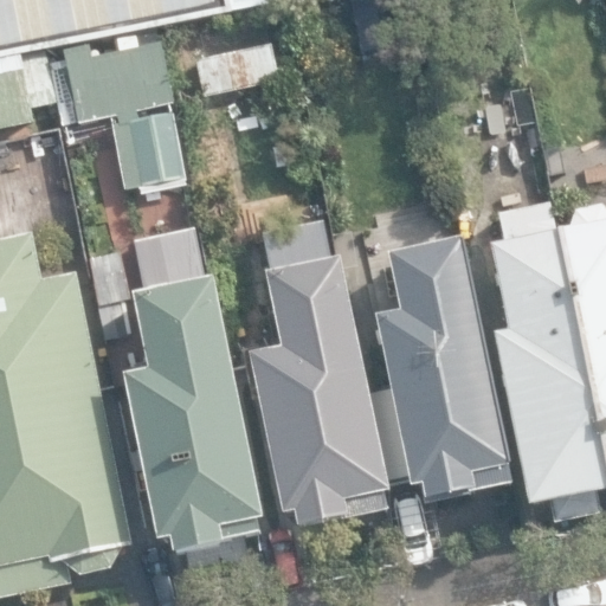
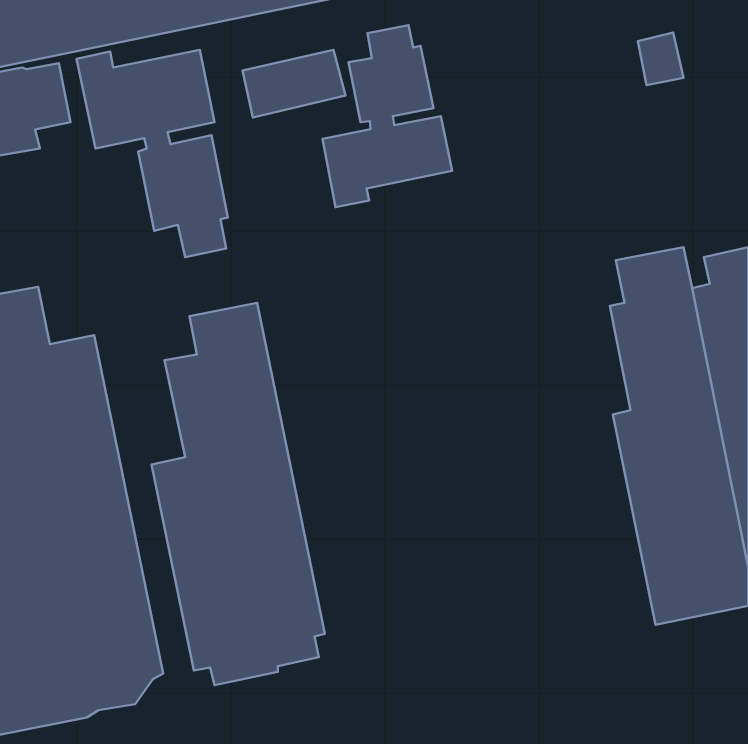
building: none -> [323,25,452,207]
building: [376,238,511,498] -> none
building: [251,257,389,526] -> none

